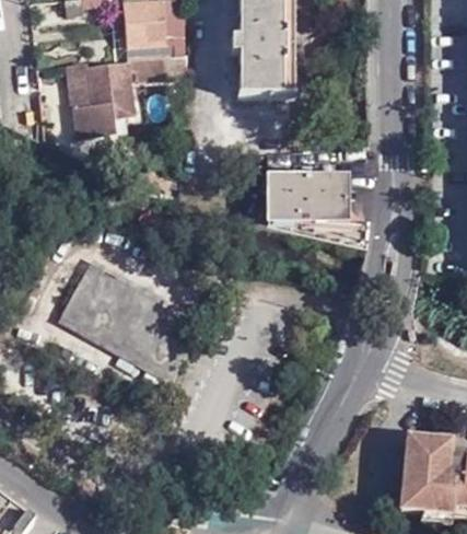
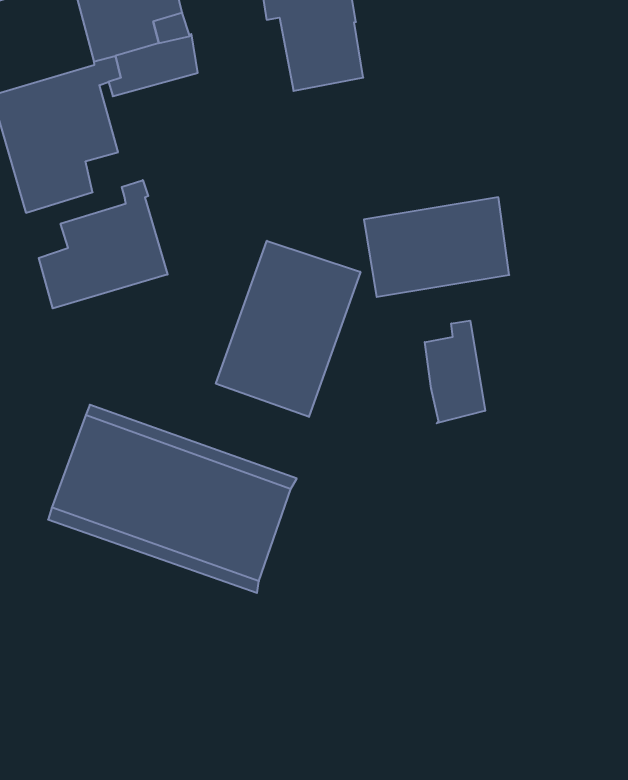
building: none -> [39,180,168,308]
building: none -> [216,241,360,417]
building: none -> [425,321,485,423]

